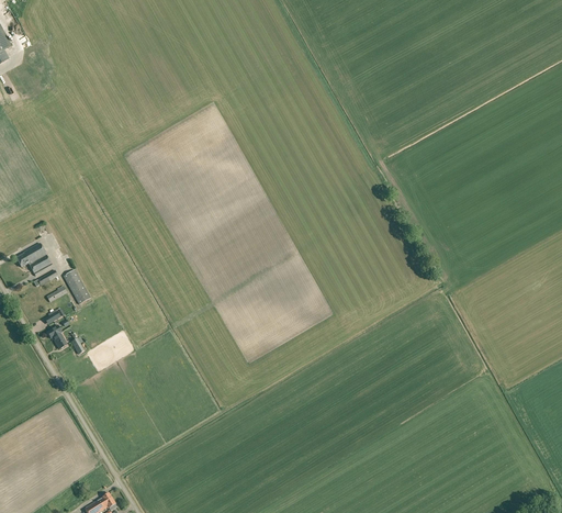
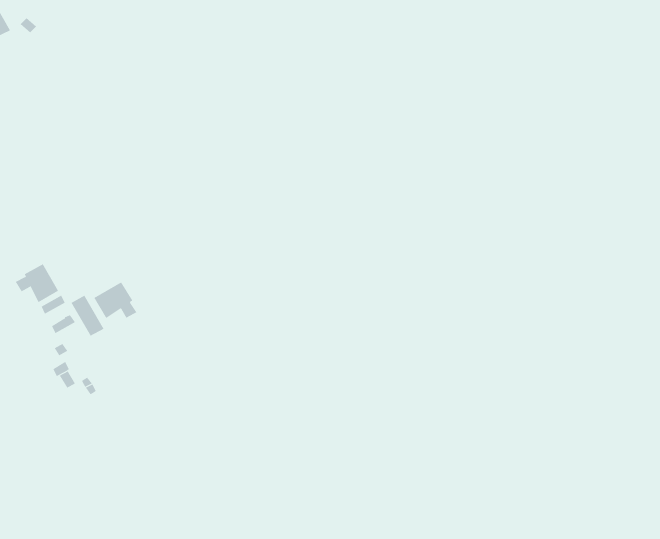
building: none -> [94,282,137,319]

